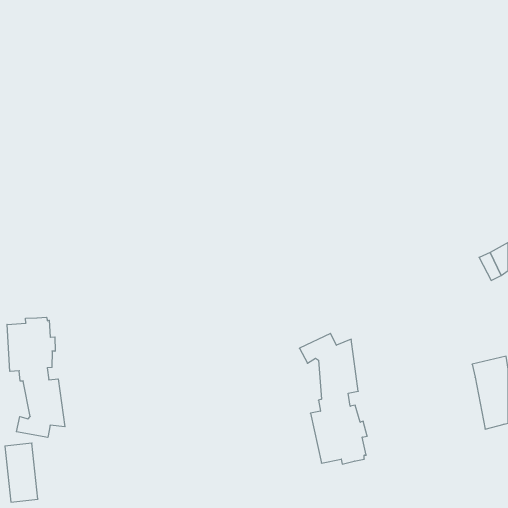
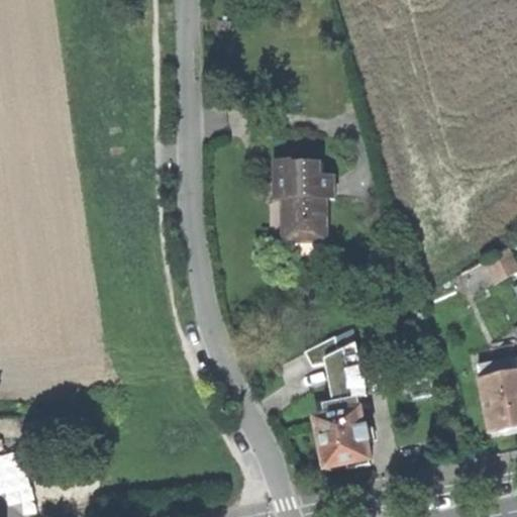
building: none -> [272,159,332,240]
building: [7,317,65,437] -> none

